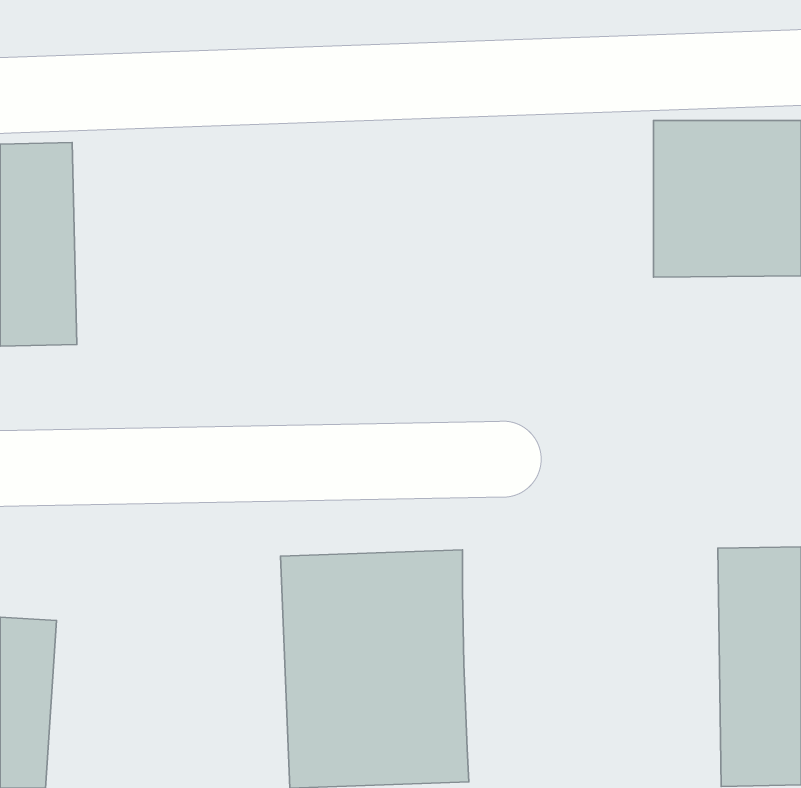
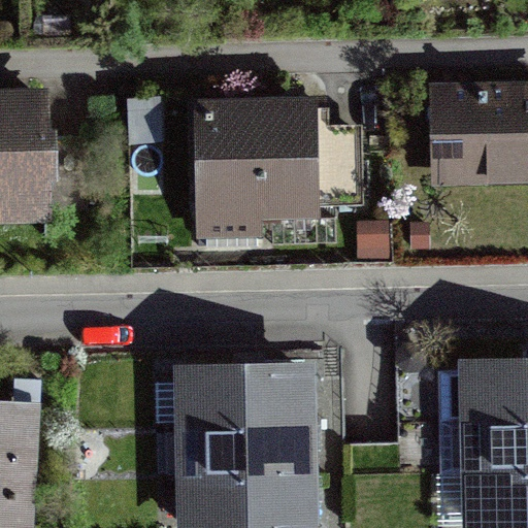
building: none -> [192,101,317,243]

